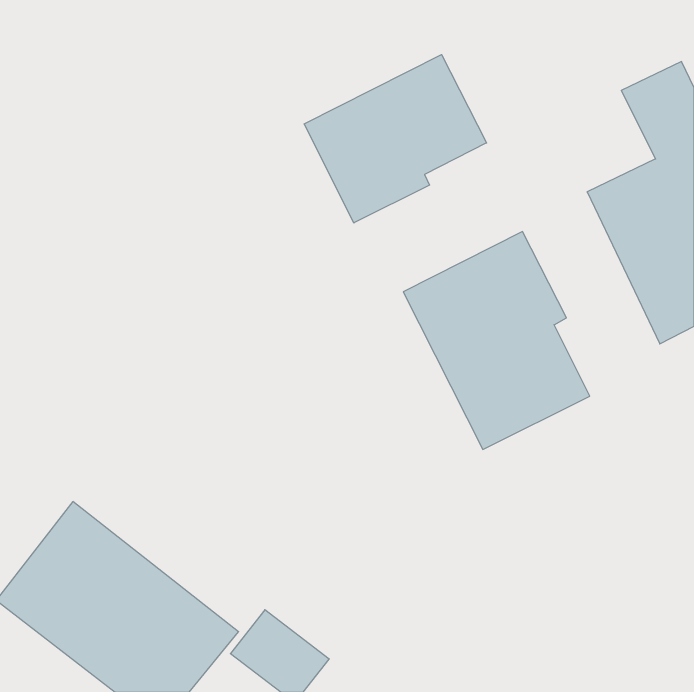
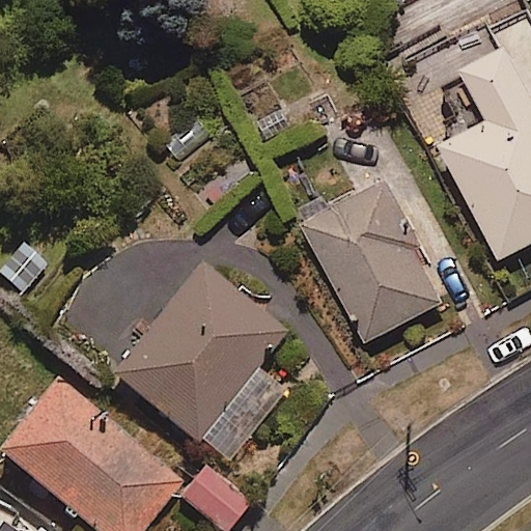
building: [304,55,487,223] -> none
building: none -> [111,261,292,447]

